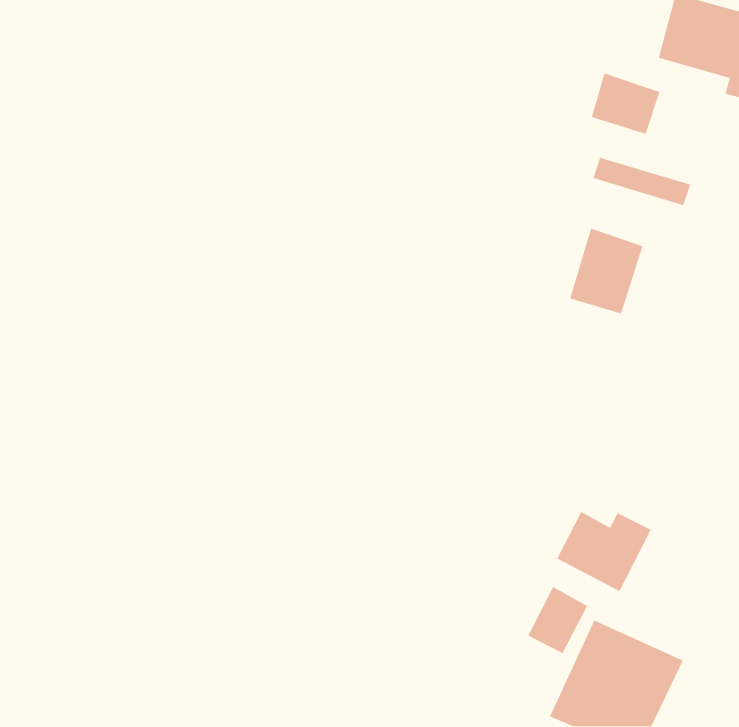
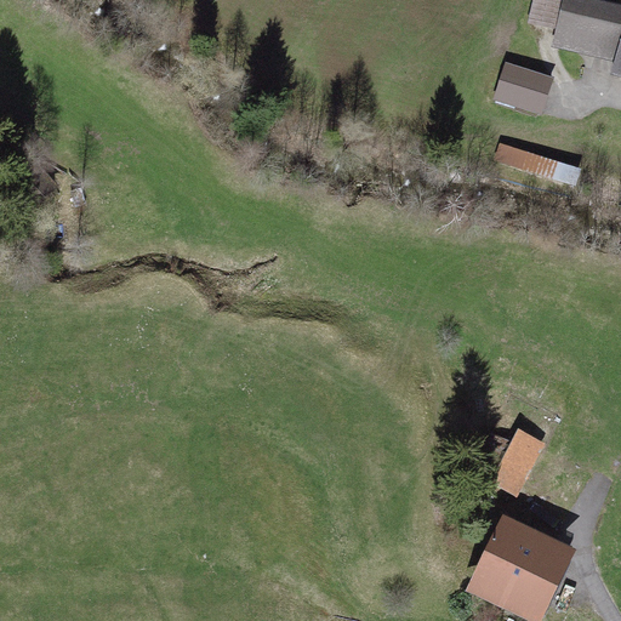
building: [569,228,643,315] -> none
building: [527,586,588,654] -> none

